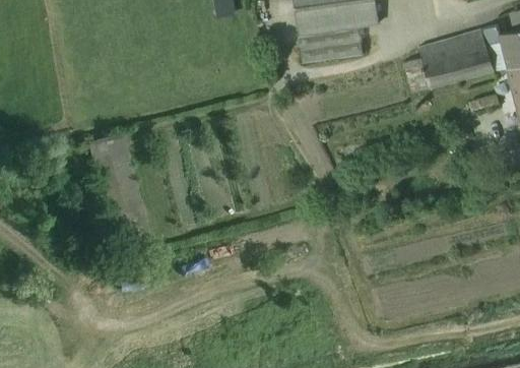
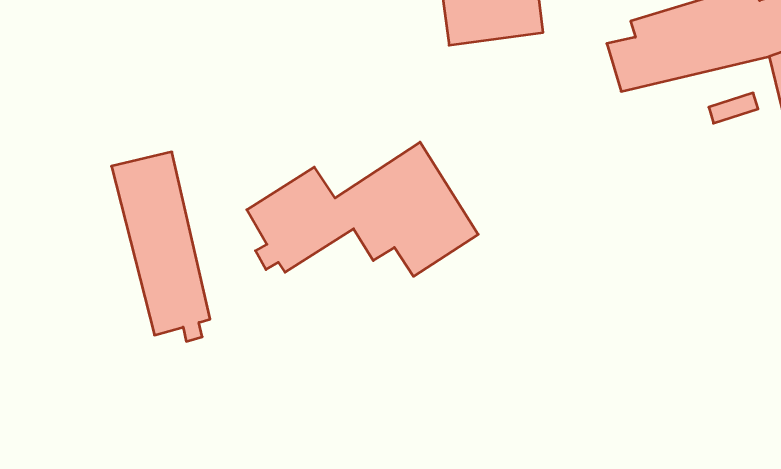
building: none -> [247,142,478,276]

